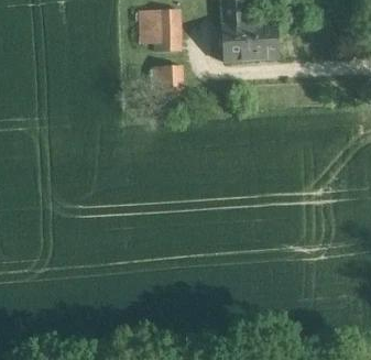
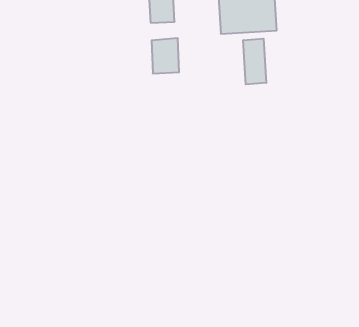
building: none -> [243,39,266,84]

